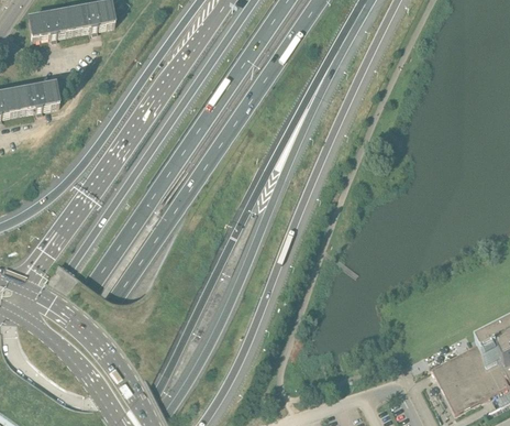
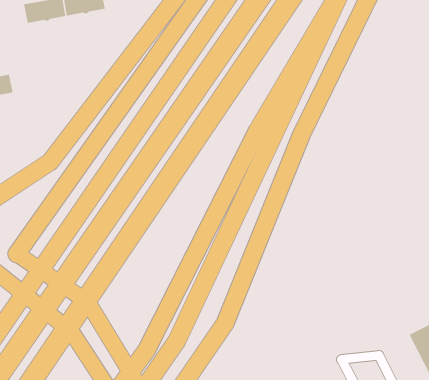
building: [15,79,60,107] -> none

